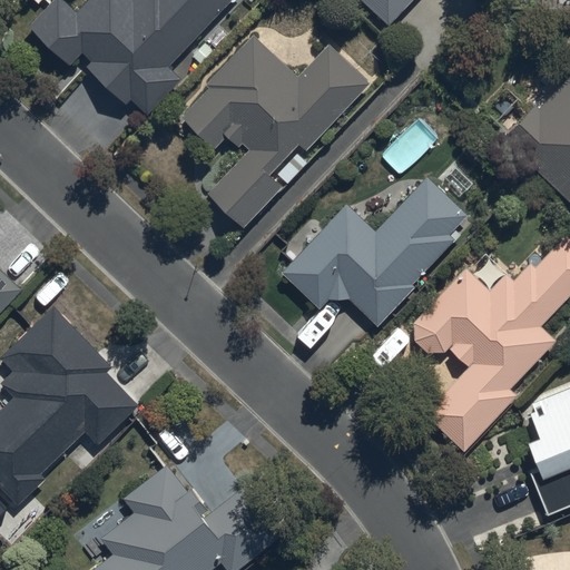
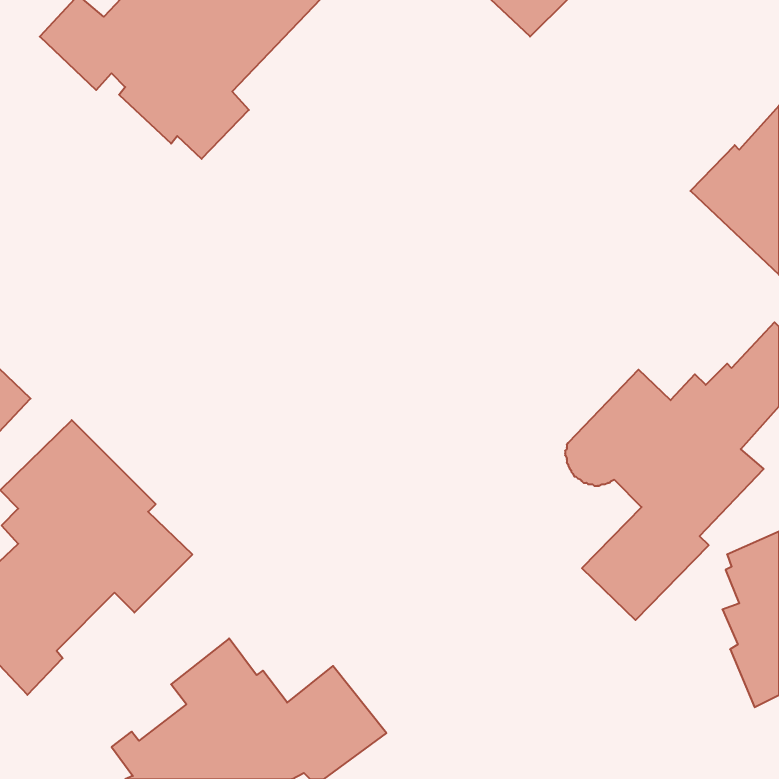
building: [183,35,368,228] -> none
building: [283,177,468,325] -> none

